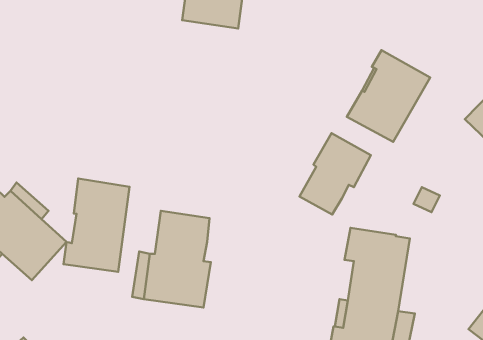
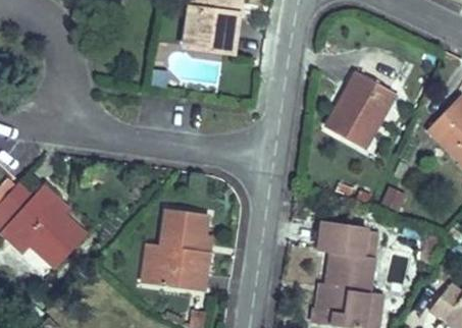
building: [300,133,371,215] -> none
building: [64,179,129,272] -> none

